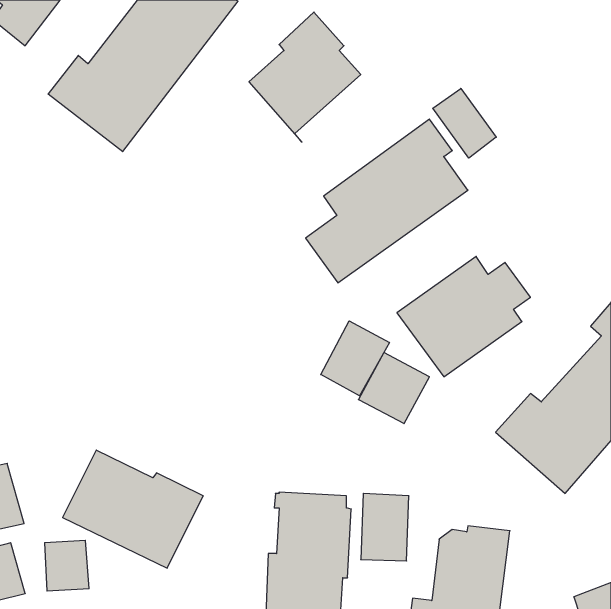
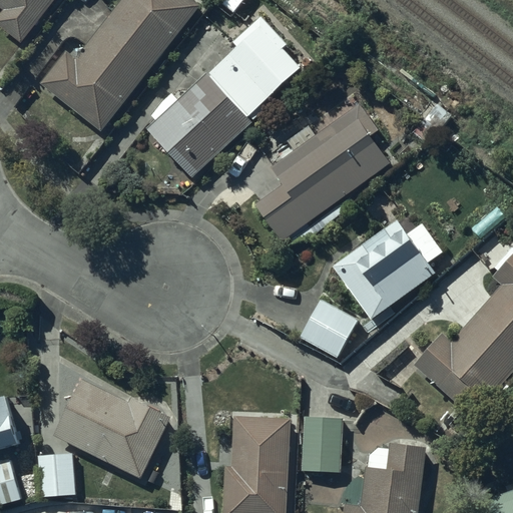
building: none -> [146,73,251,177]
building: [433,88,496,158] -> none
building: [321,321,389,396] -> none

